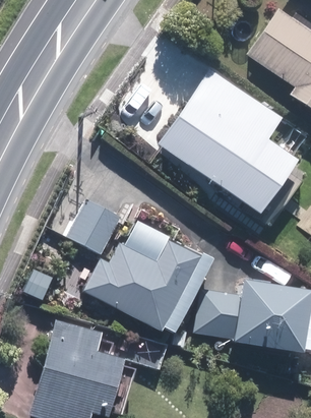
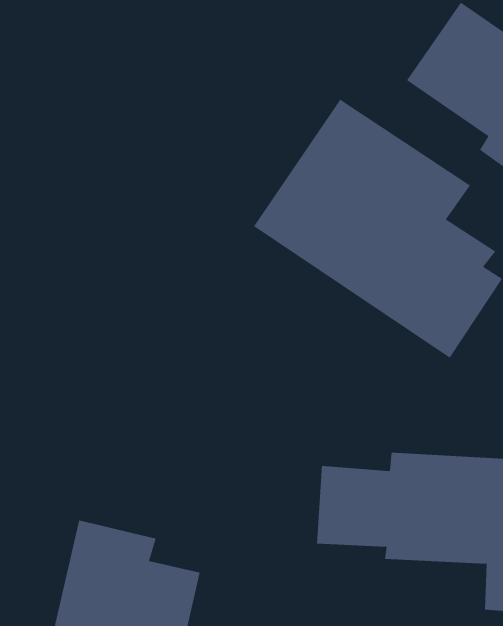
building: [65,199,122,256] -> none
building: [84,232,210,335] -> none

